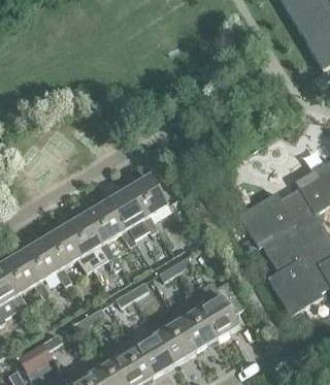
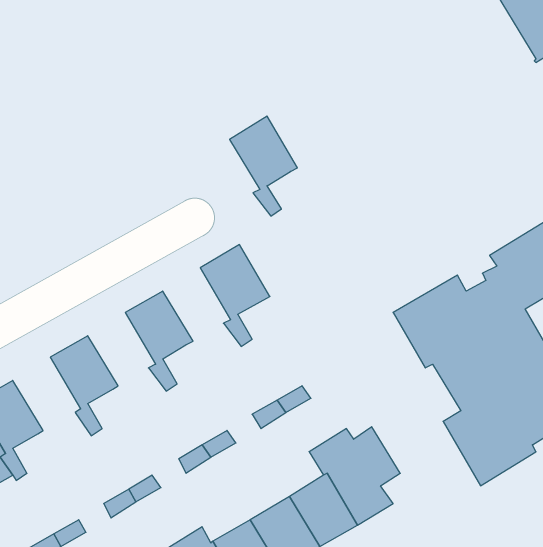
building: [106,188,145,246] -> [230,116,297,216]
building: [63,214,108,271] -> none
building: [20,239,59,297] -> none

